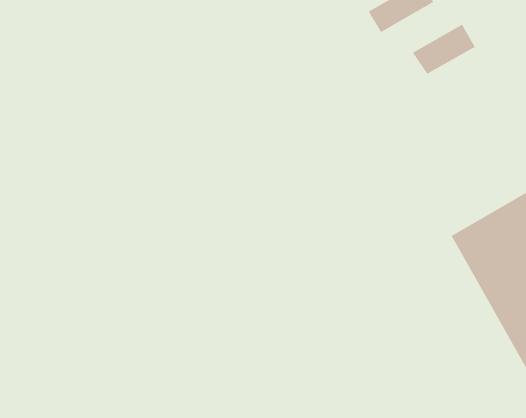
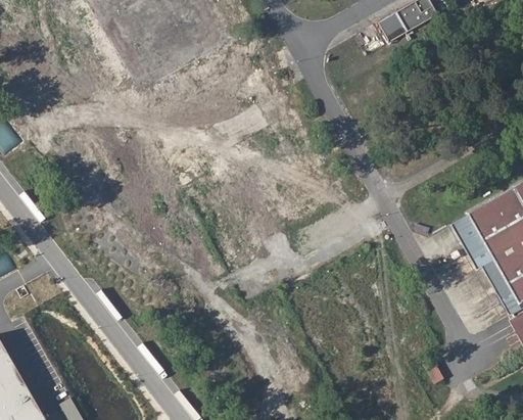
building: [412,24,475,75] -> none

